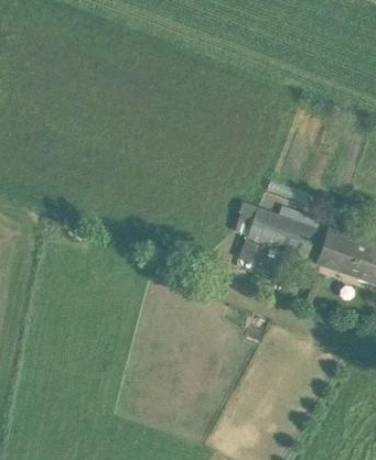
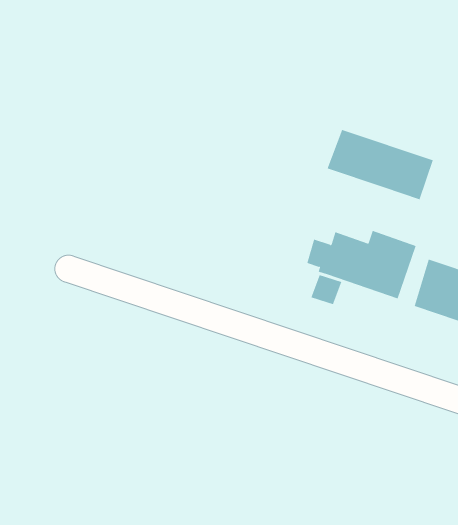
building: none -> [327,129,434,200]

